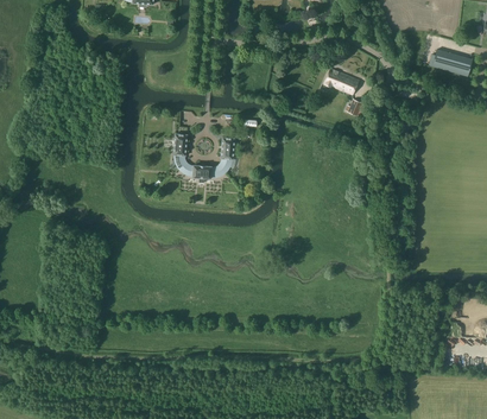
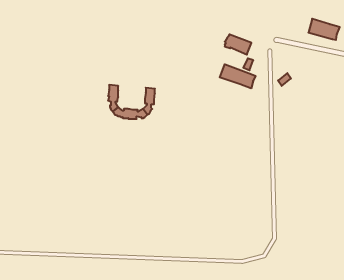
building: none -> [220,64,256,88]

